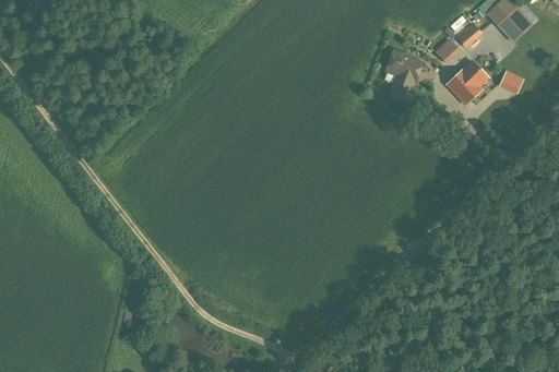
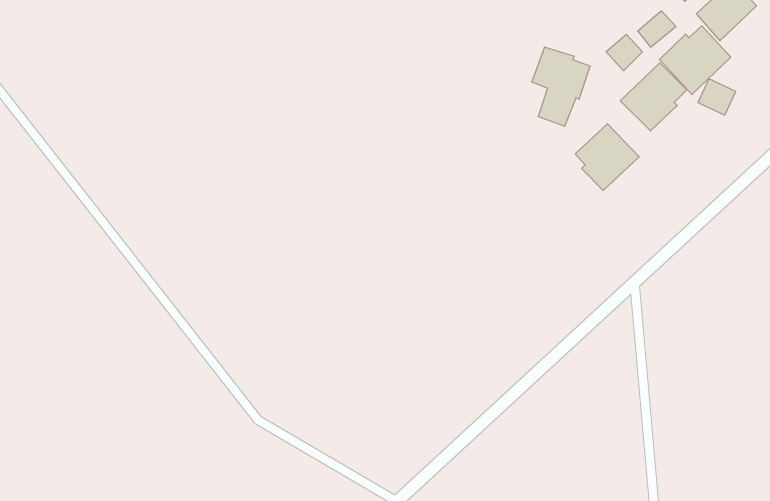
building: none -> [659,26,731,95]
building: none -> [575,124,639,190]

